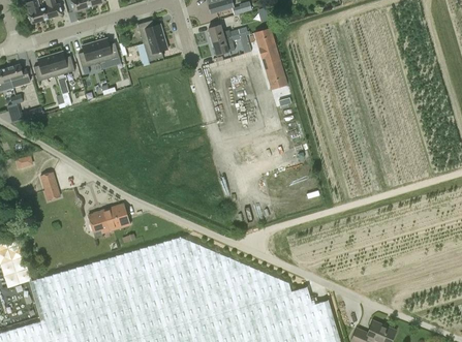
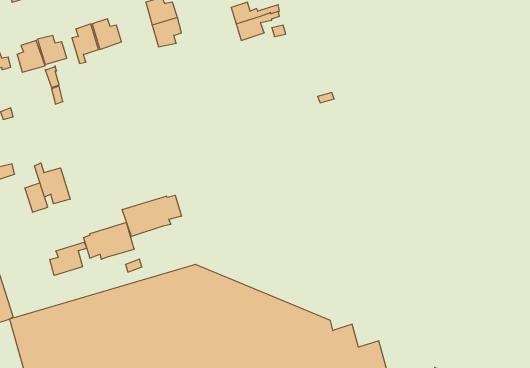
building: [254,28,287,90] -> none
building: none -> [35,163,70,204]
building: none -> [122,195,181,237]
building: none -> [50,242,87,275]

